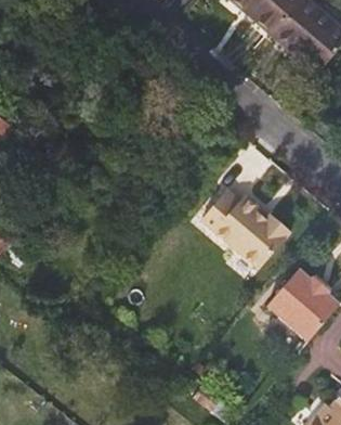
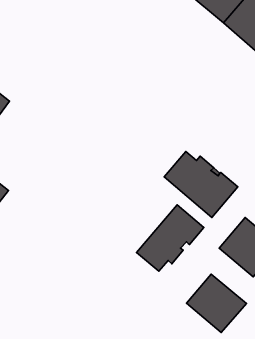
building: none -> [137,205,204,271]
building: none -> [187,274,247,333]

